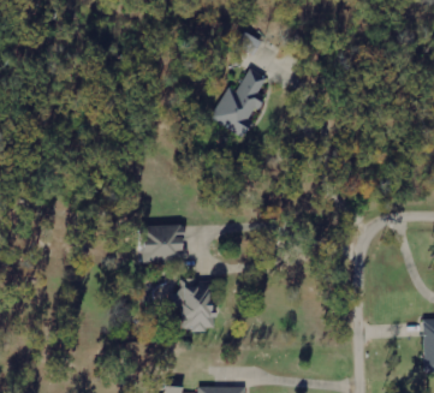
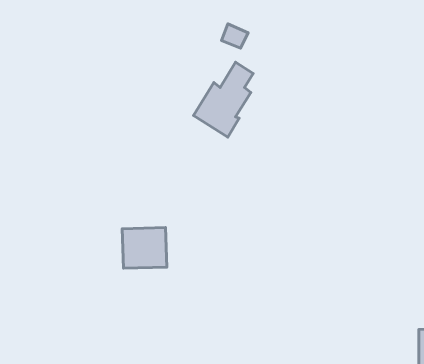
building: [165,282,215,331] -> none

